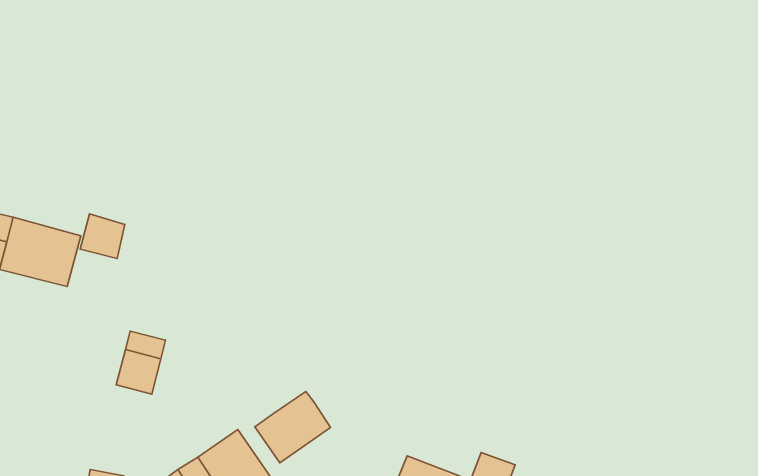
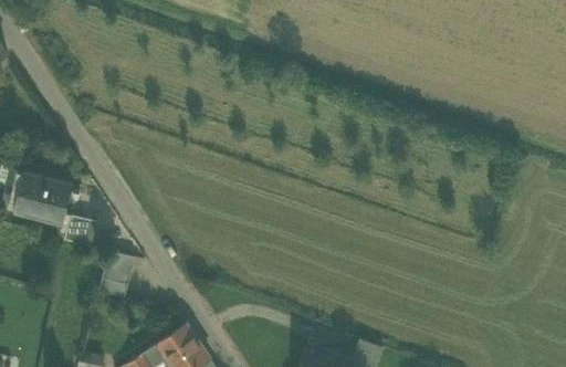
building: [80,214,125,258] -> [64,214,96,247]
building: [255,391,331,463] -> none

